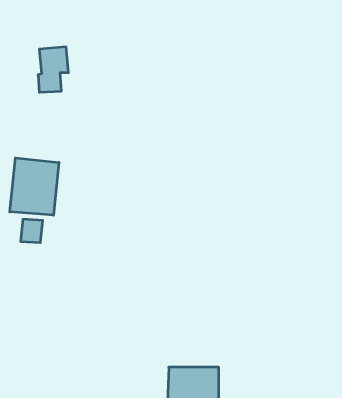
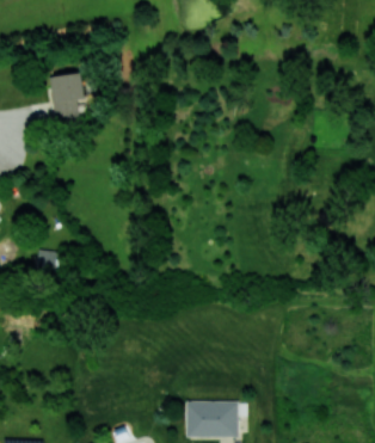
building: [10,158,59,215] -> none

